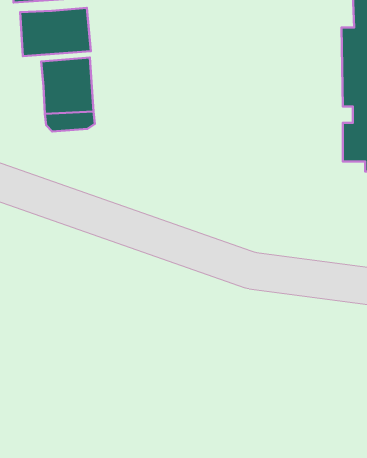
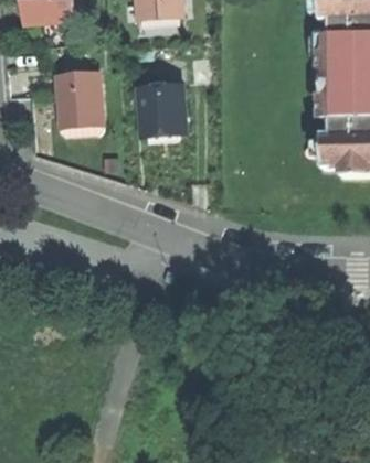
building: [20,8,91,56] -> none
building: none -> [134,82,183,130]

